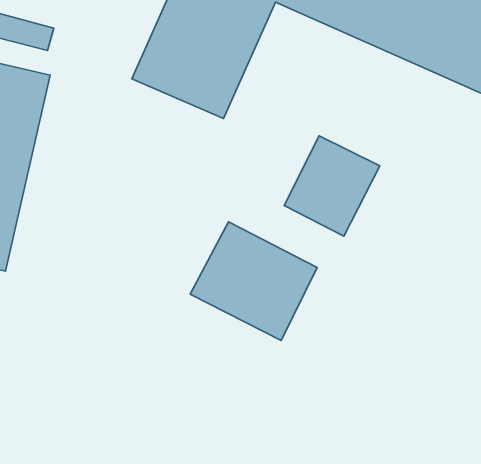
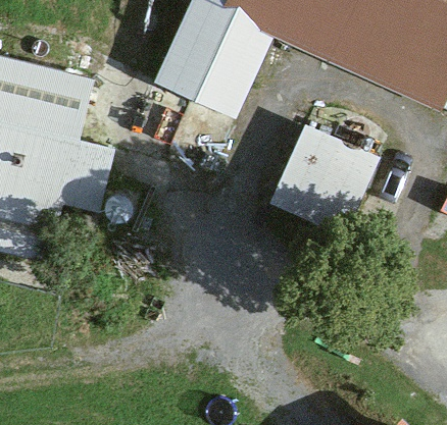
building: [190,222,317,340] -> none

